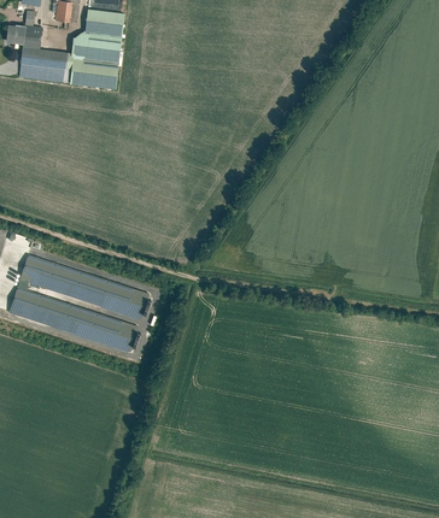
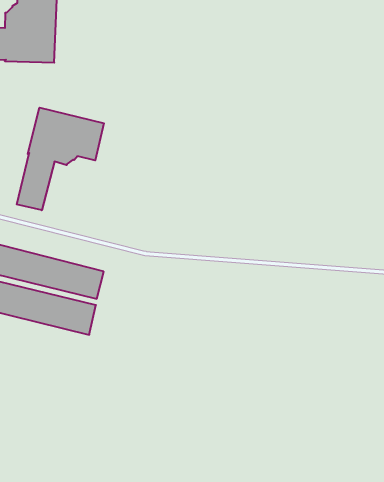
building: none -> [17,108,104,210]

